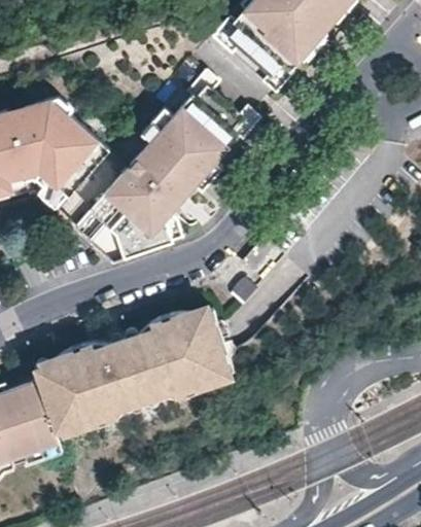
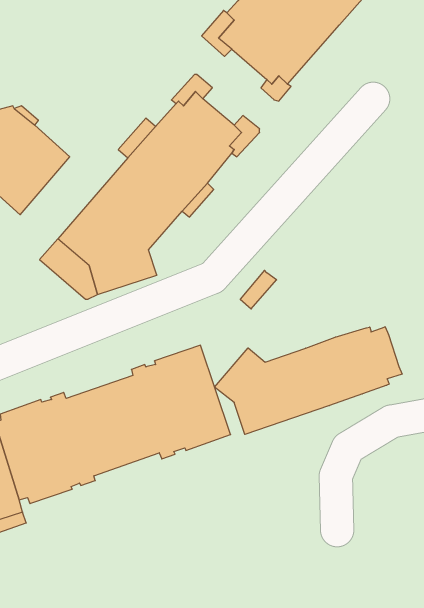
building: none -> [215,327,402,434]

